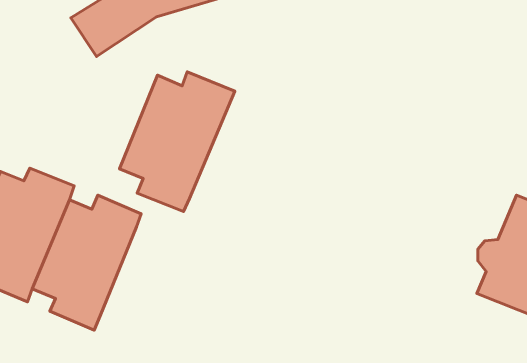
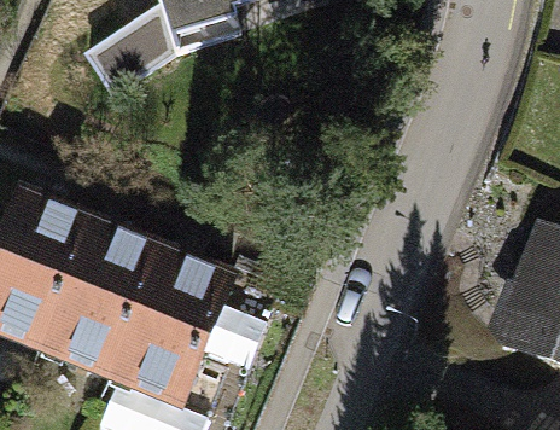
building: [119,72,235,212] -> none
building: none -> [118,262,231,401]

